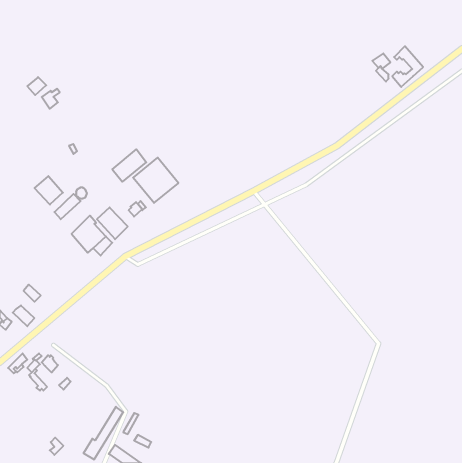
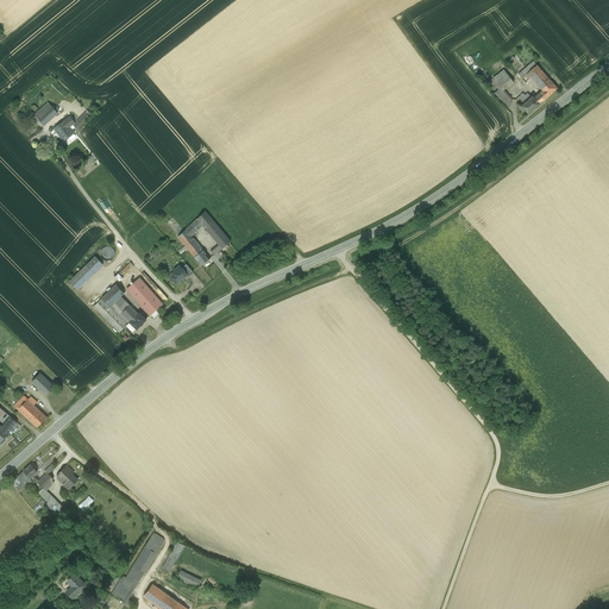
building: [112,149,146,182] -> none
building: [35,176,63,205] -> none

